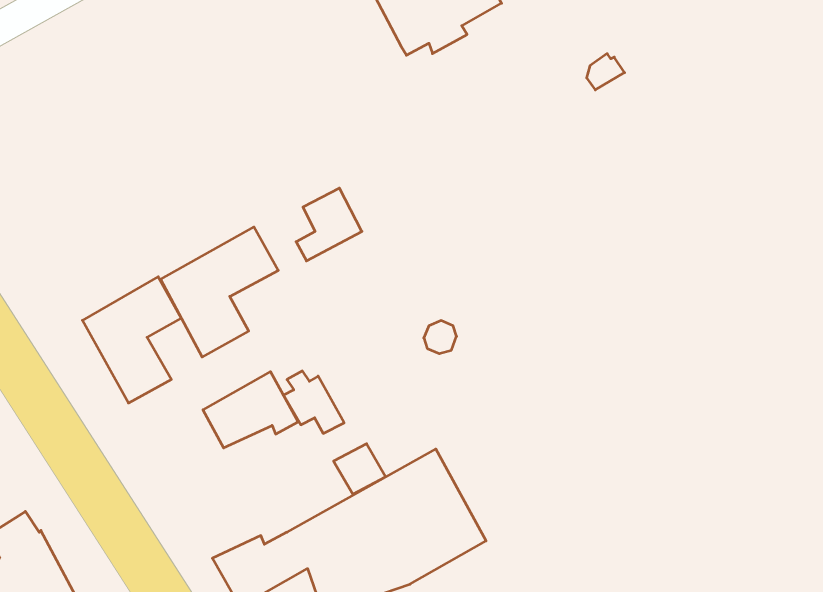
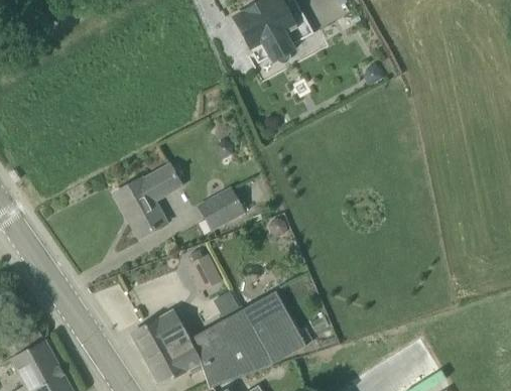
building: [296,188,362,261] -> [206,186,244,229]
building: [82,277,181,403] -> none
building: [203,372,298,448] -> [132,310,187,355]

